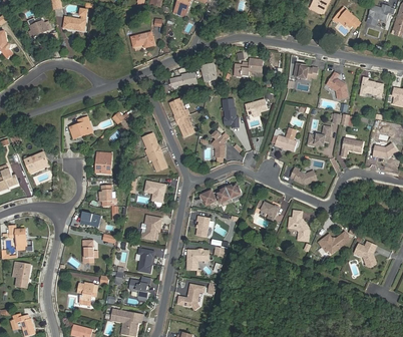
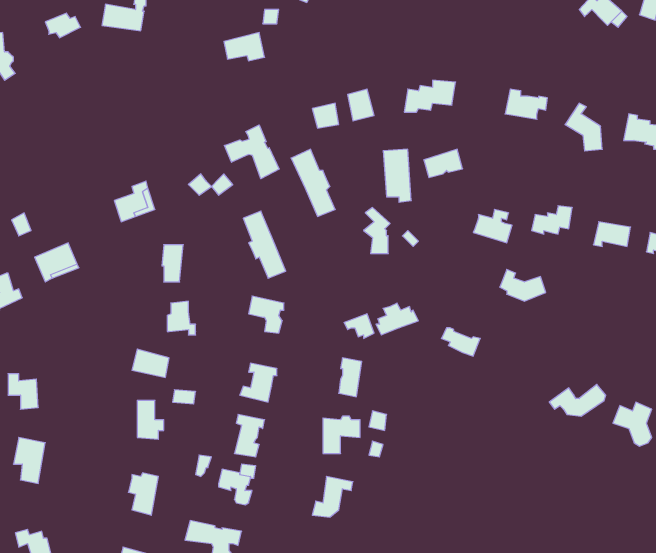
building: none -> [224,125,279,179]
building: [286,209,308,240] -> none

